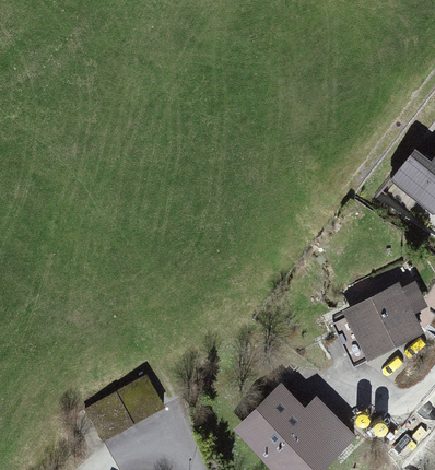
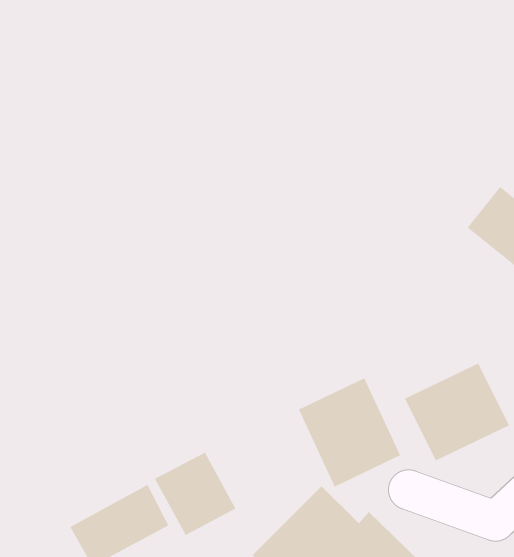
building: none -> [298,377,401,487]
building: none -> [154,452,236,536]

